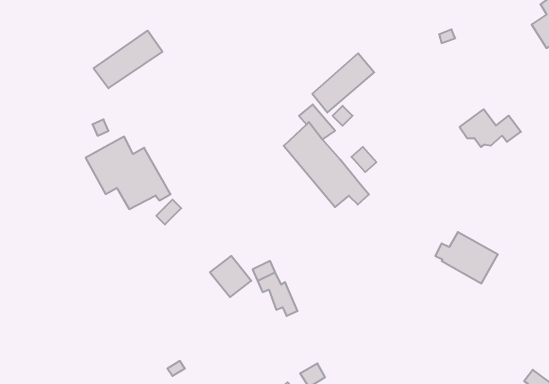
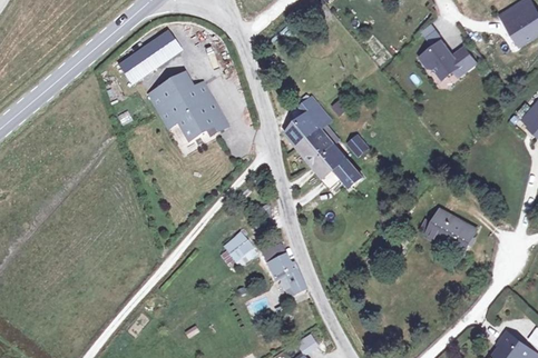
building: [312,53,374,113] -> none
building: [460,109,521,147] -> [421,42,476,76]
building: [86,137,171,209] -> [150,71,226,136]

